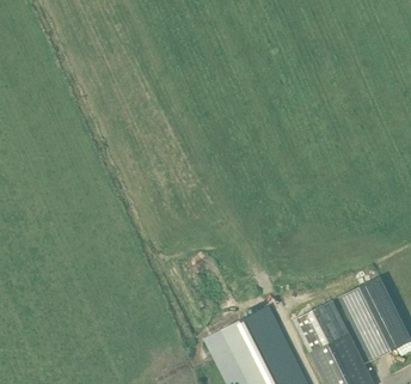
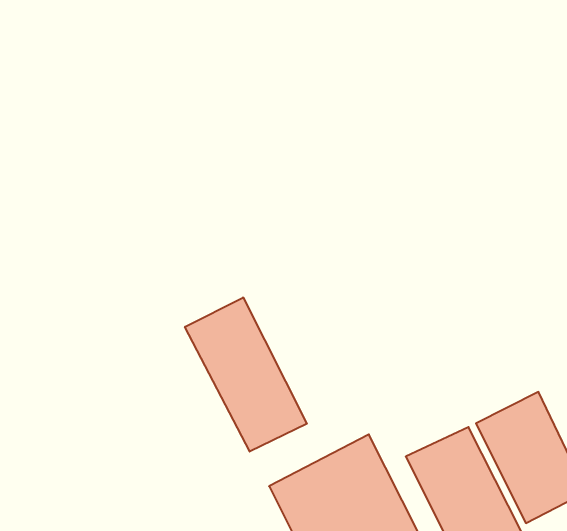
building: none -> [185,297,307,452]

